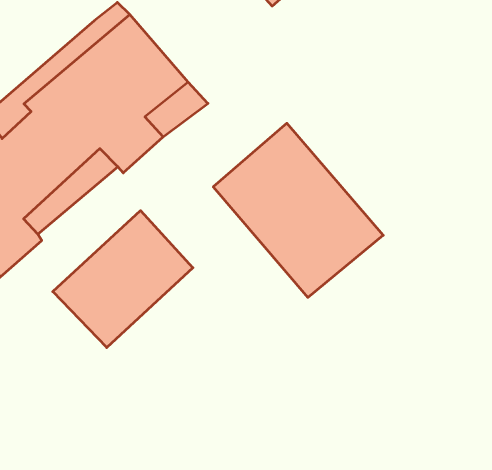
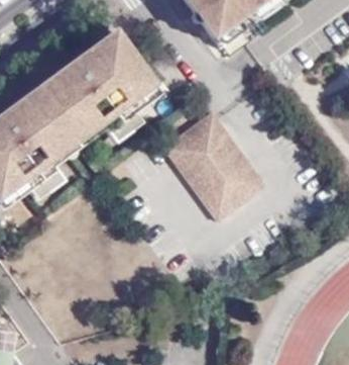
building: [53,211,193,348] -> none

